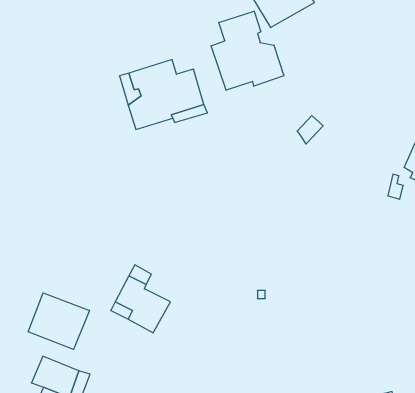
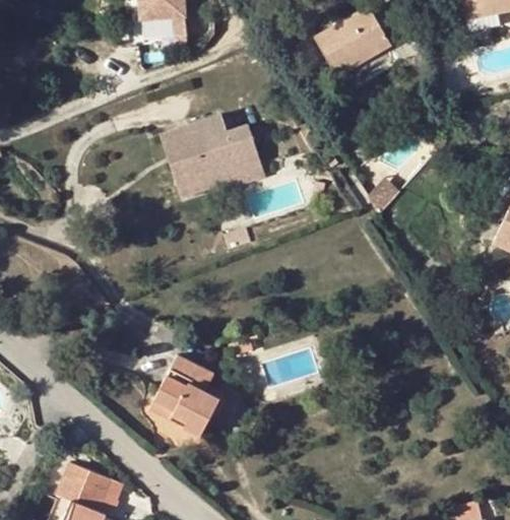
building: [211,11,284,90] -> none
building: [28,293,89,349] -> none

